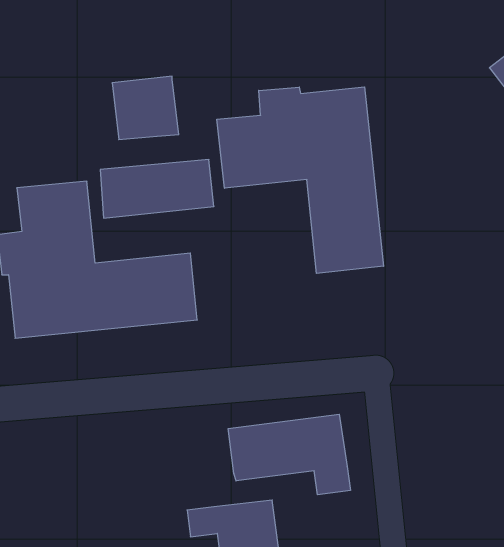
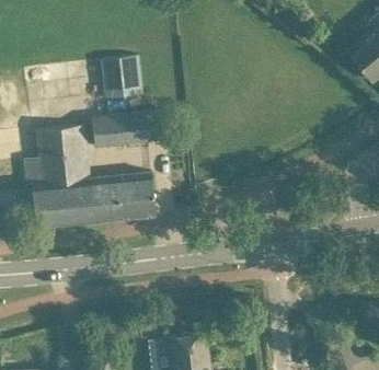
building: [217,87,384,273] -> none
building: [228,414,350,495] -> none

